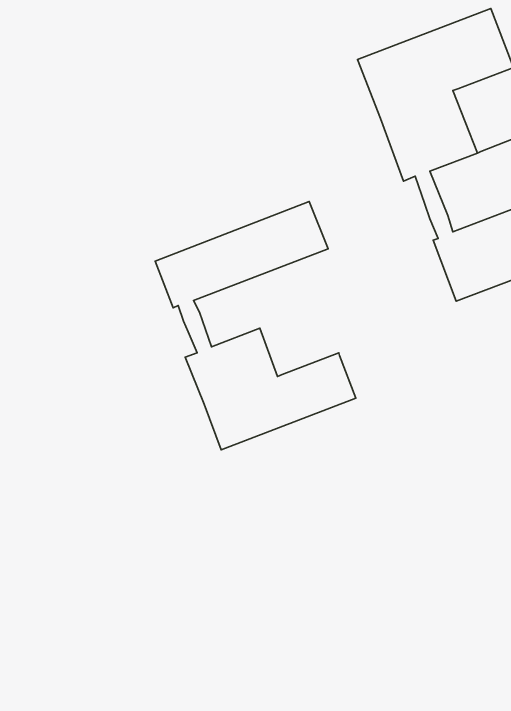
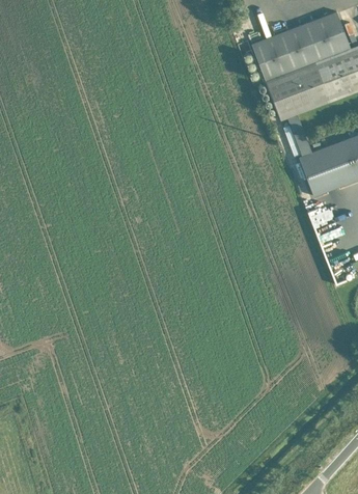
building: [155,202,356,450] -> none

